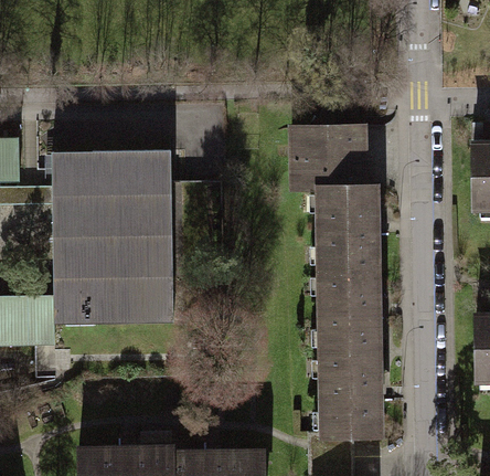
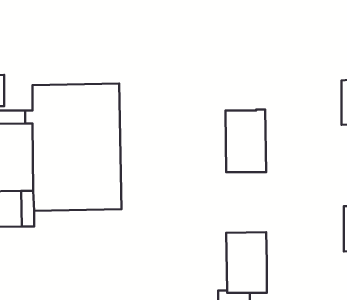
building: [290,126,360,190] -> none
building: [319,271,373,353] -> none

